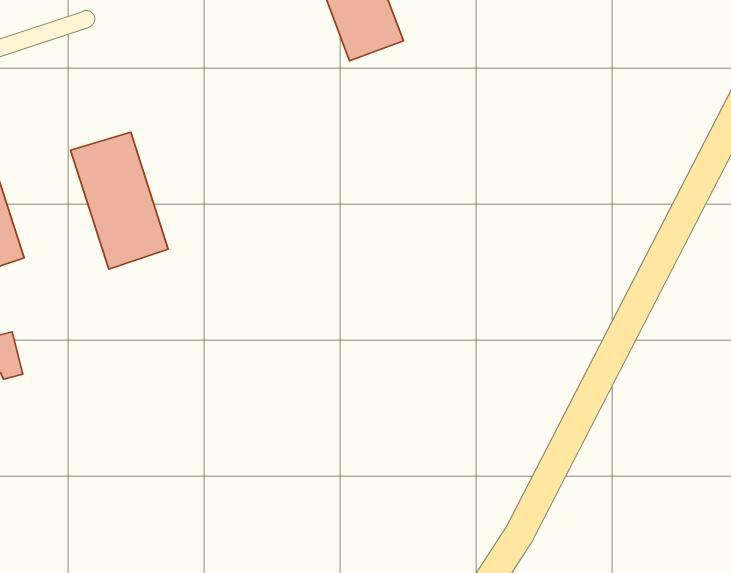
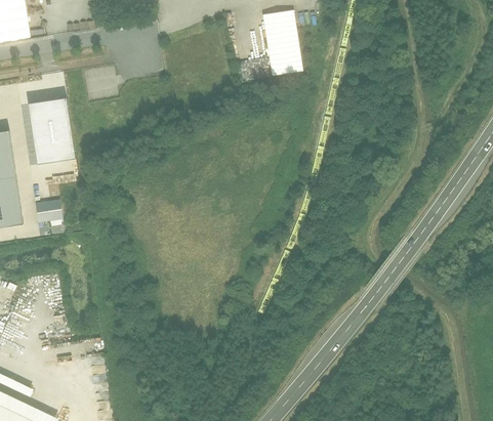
building: [70,132,168,269] -> none

